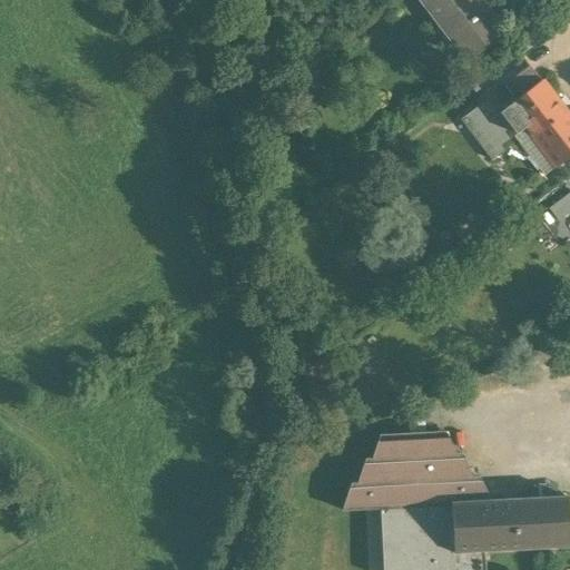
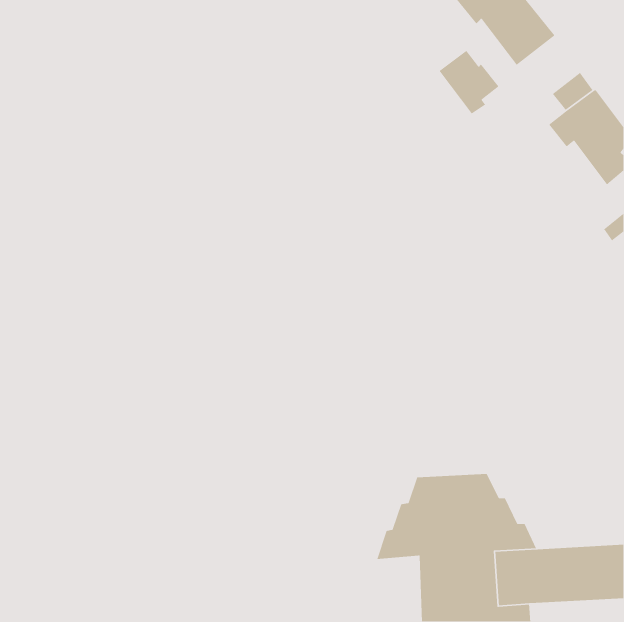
building: [461,101,517,160] -> [439,50,500,115]

